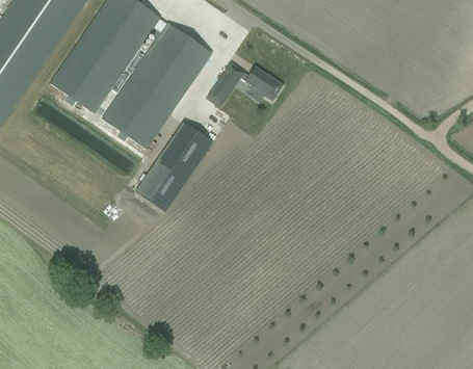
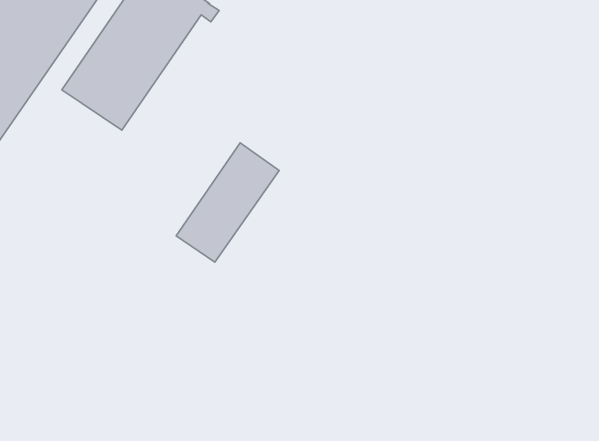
building: [102,22,212,148] -> none
building: [207,62,283,107] -> none

